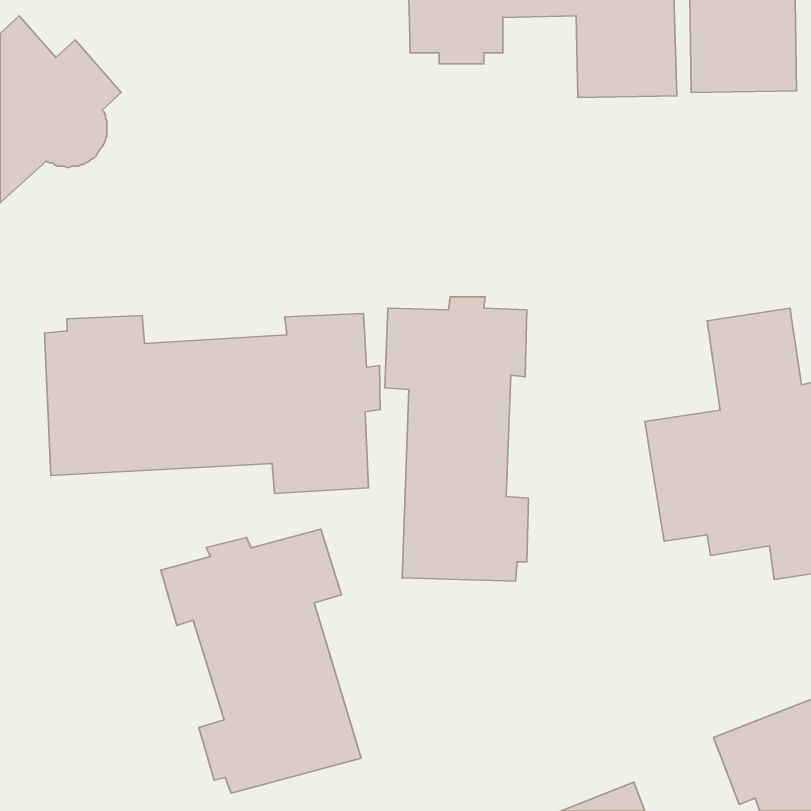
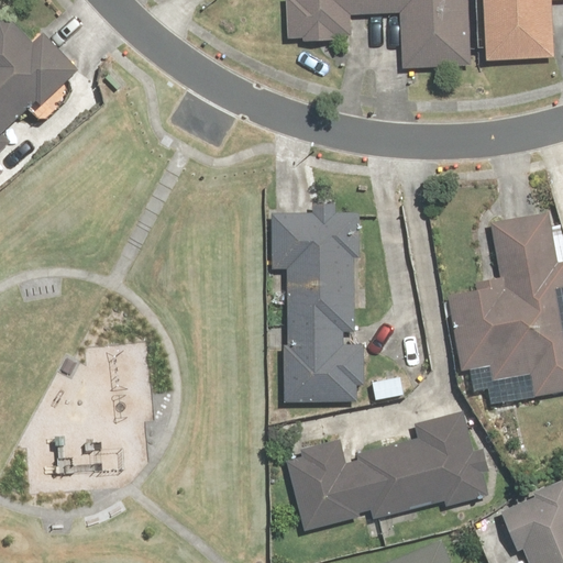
building: [45,314,380,494] -> none
building: [161,529,361,793] -> none
building: none -> [284,410,489,532]

